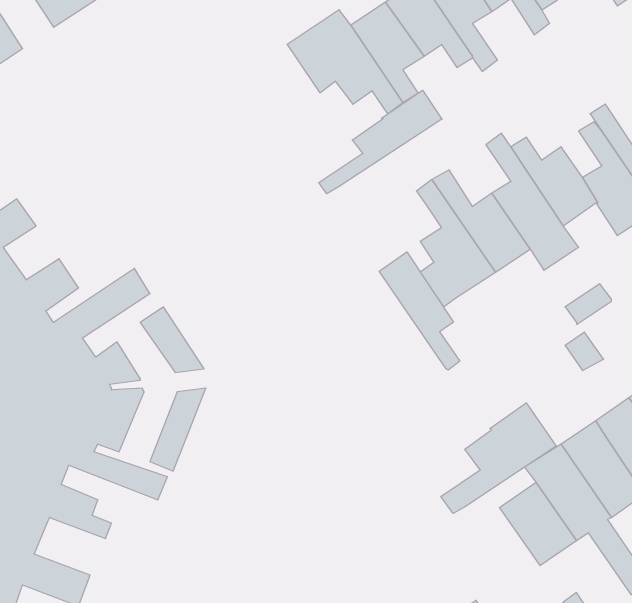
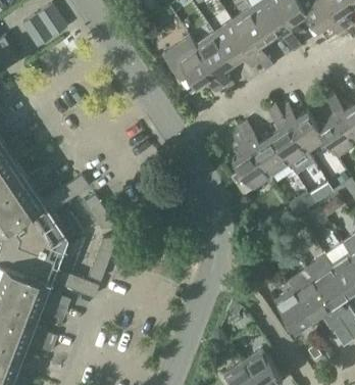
building: [319,90,442,194] -> none
building: [379,252,460,370] -> none
building: [441,403,556,513] -> none

